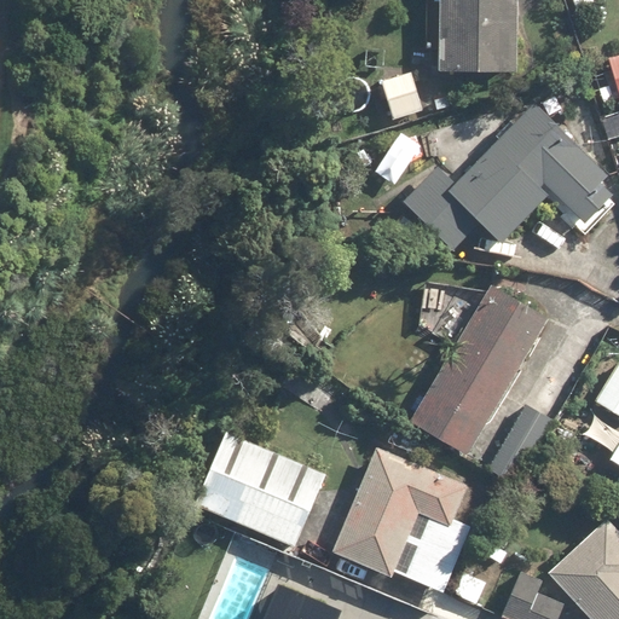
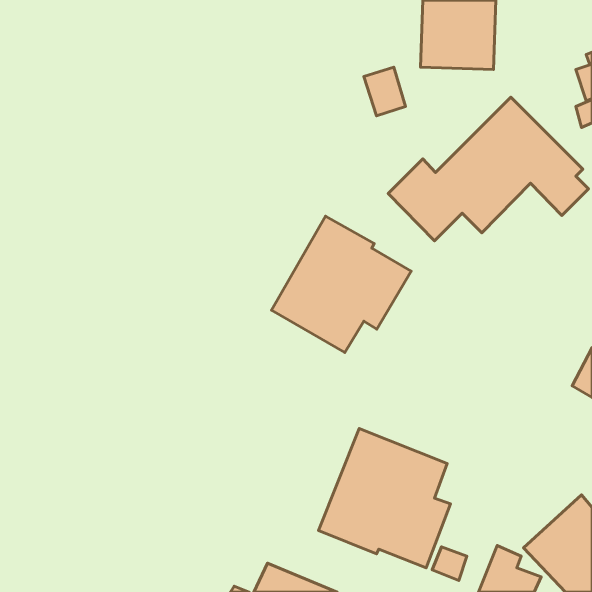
building: none -> [272,216,411,352]
building: [409,280,555,486] -> none
building: [193,430,328,548] -> none

